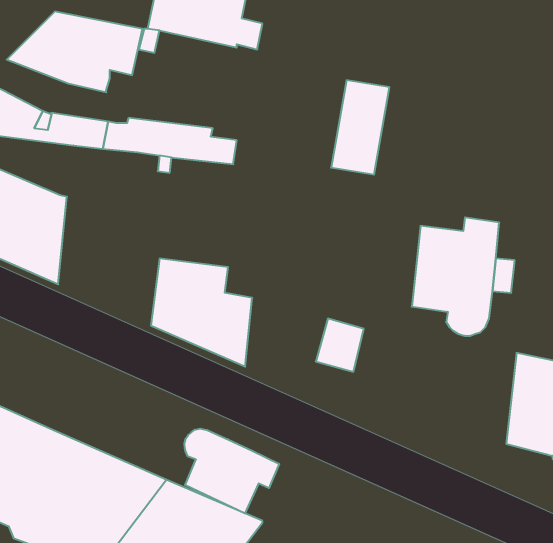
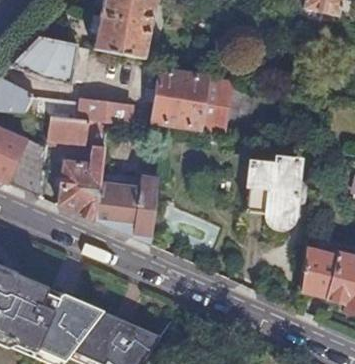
building: none -> [150,70,209,129]
building: none -> [47,116,87,142]
building: none -> [59,147,104,221]
building: [184,429,279,513] -> none

